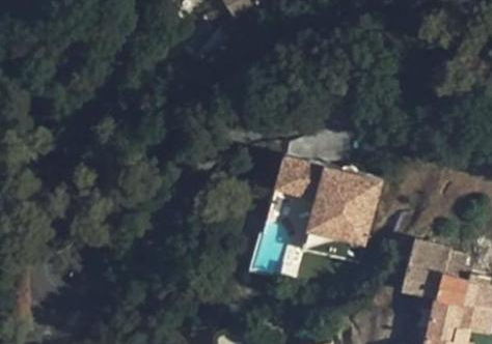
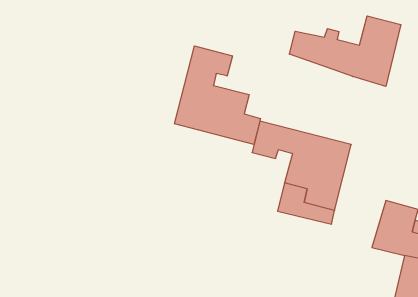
building: none -> [289,16,401,86]
building: none -> [174,46,261,144]

